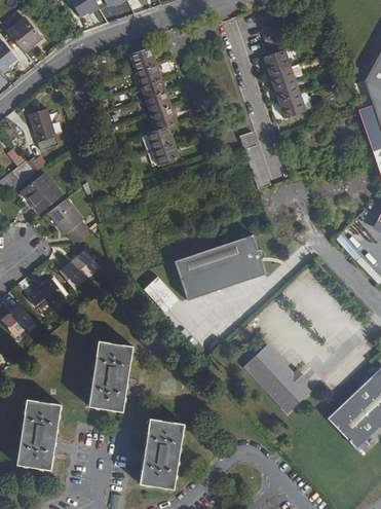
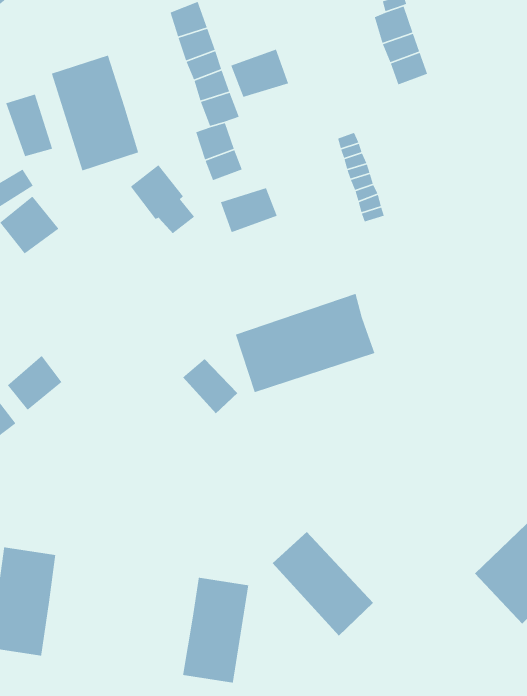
building: none -> [230,49,289,98]
building: none -> [51,54,139,172]
building: [279,95,305,119] -> none
building: none -> [220,187,278,233]
building: [48,197,90,243] -> [130,164,195,234]
building: [60,250,100,288] -> none
building: [89,340,131,409] -> none
building: [245,347,311,414] -> [272,531,374,636]

